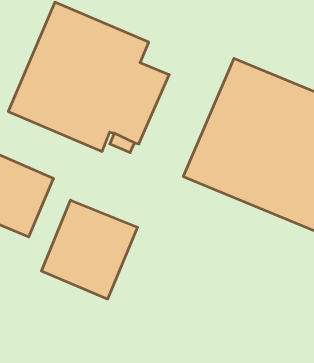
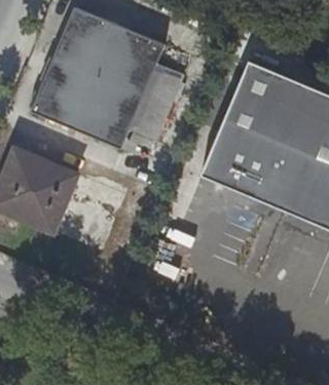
building: [41,200,138,299] -> none

